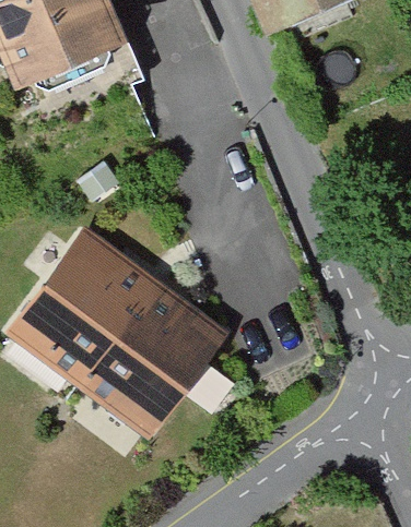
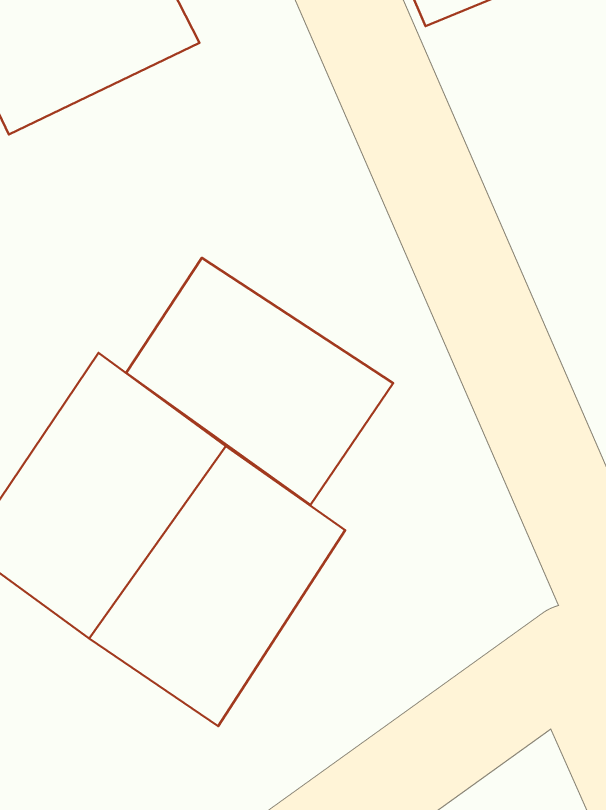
building: none -> [126,258,393,505]

